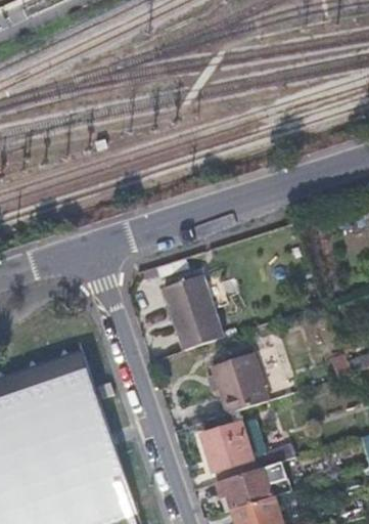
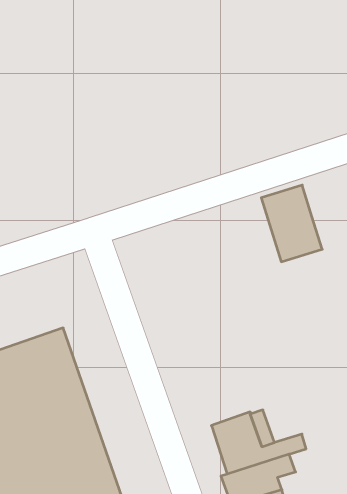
building: [166,279,225,354] -> [261,185,322,262]
building: [214,357,270,418] -> none

